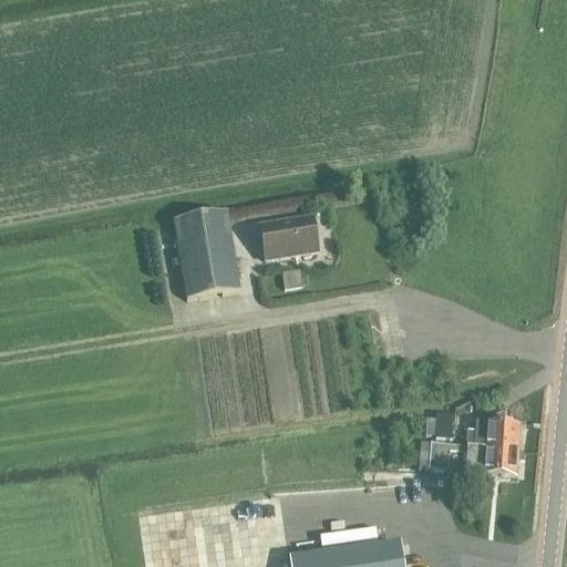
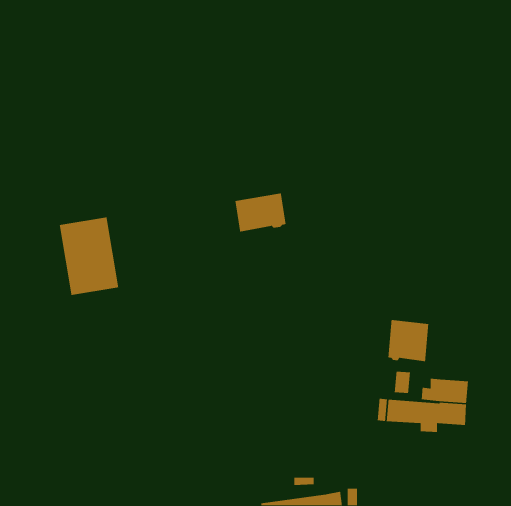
building: [174,208,240,296] -> [59,217,119,296]
building: none -> [387,319,429,362]

